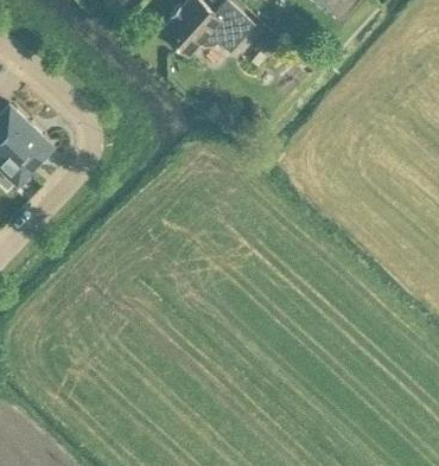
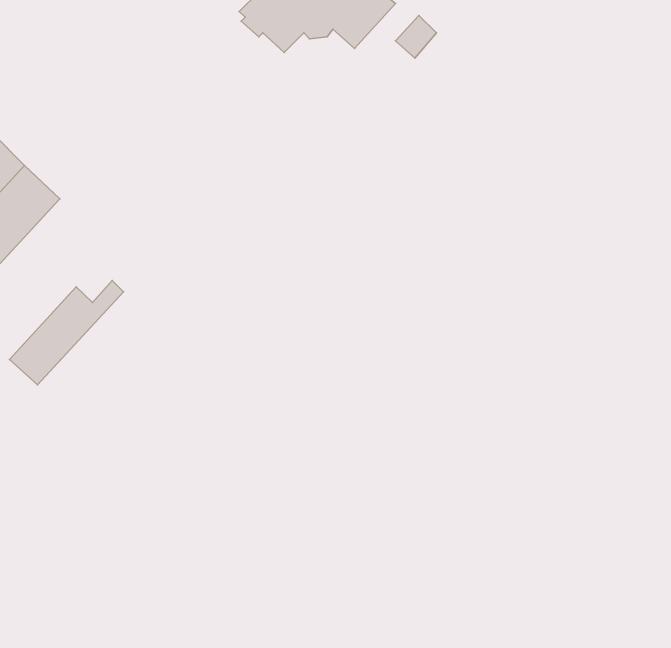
building: none -> [10,280,123,385]

